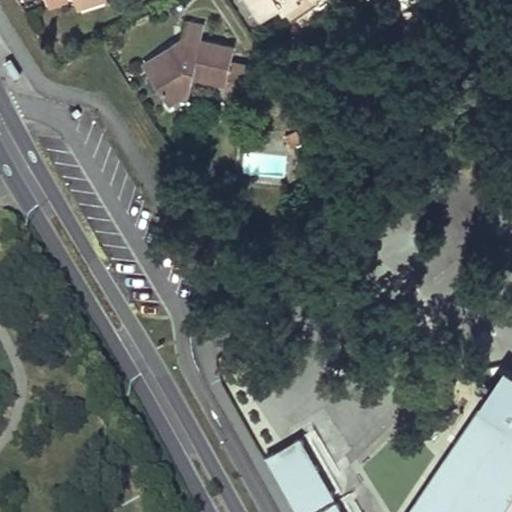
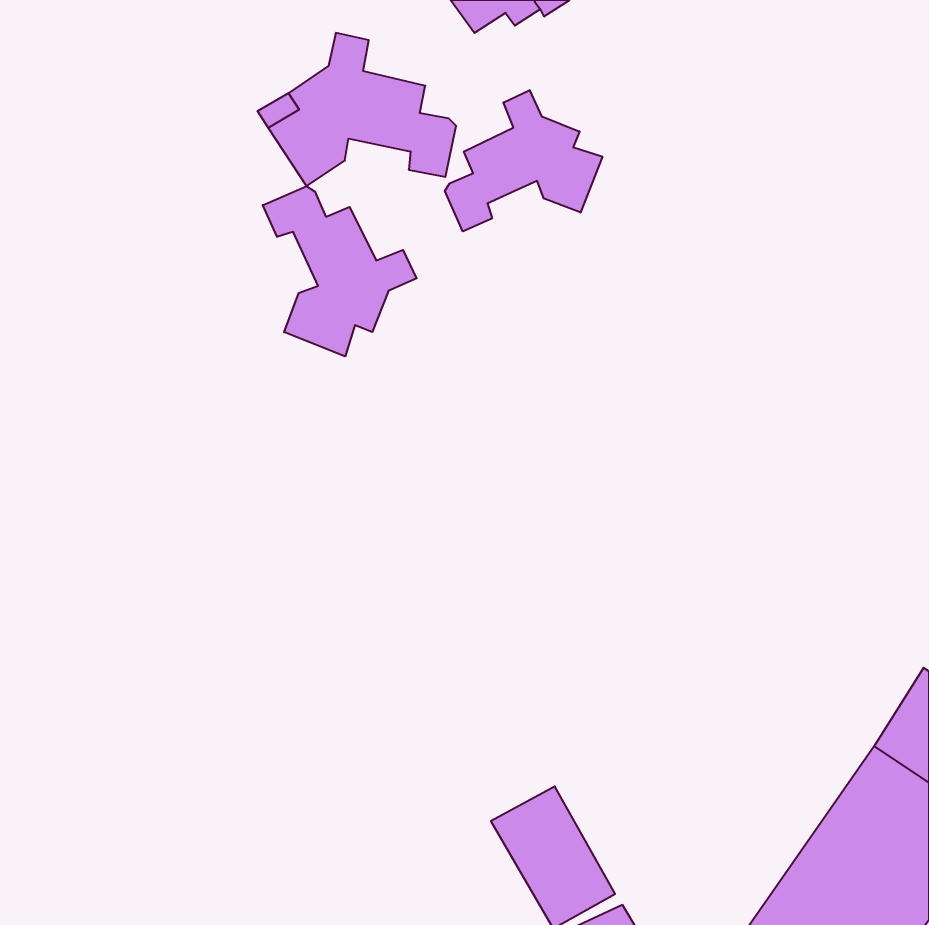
building: none -> [445,90,602,231]
building: none -> [263,186,417,356]

